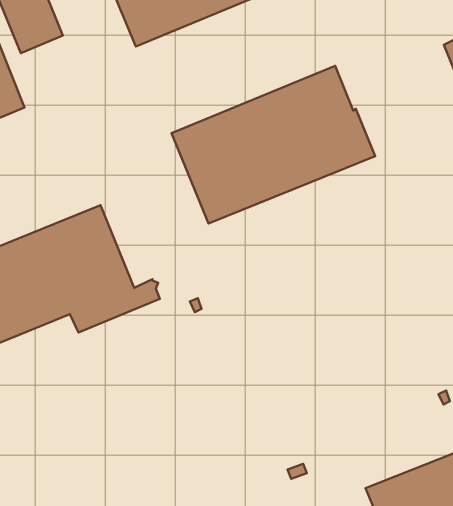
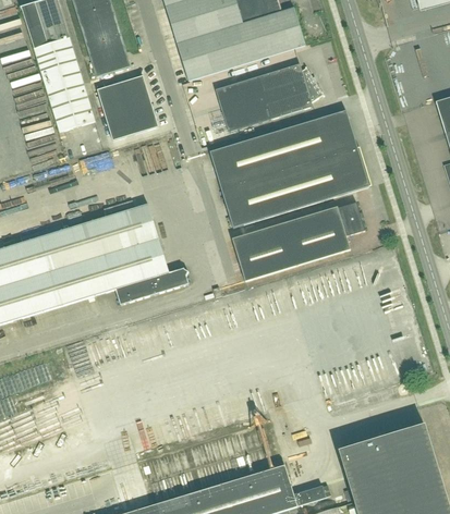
building: none -> [215,63,324,131]
building: none -> [97,75,158,139]
building: none -> [231,201,364,281]

